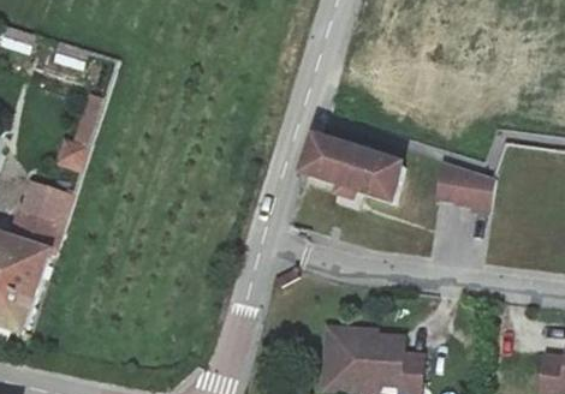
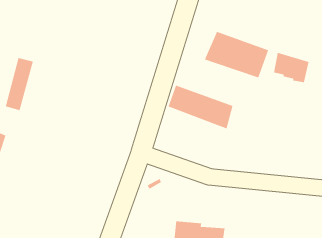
building: none -> [204,31,269,78]
building: [440,160,494,207] -> [273,52,309,83]

